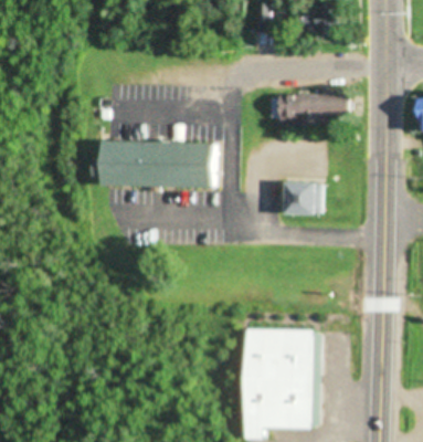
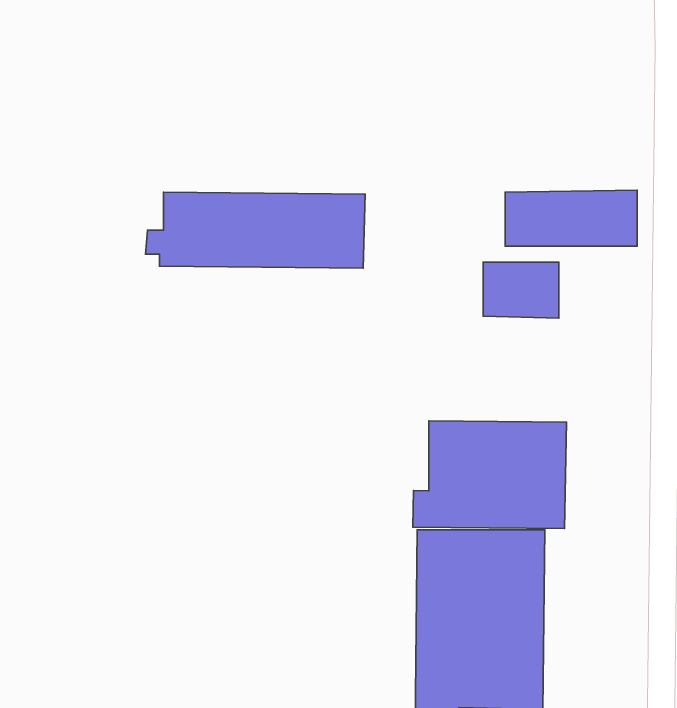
building: [285,95,358,126] -> [505,190,637,246]
building: none -> [413,421,567,529]

